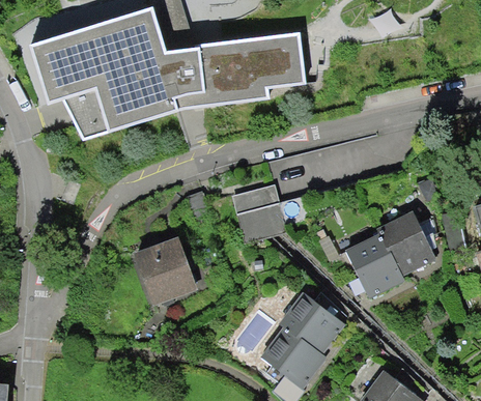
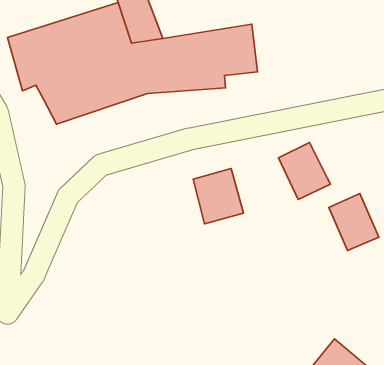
building: [346,235,403,297] -> [278,142,330,199]
building: [140,238,199,305] -> none
building: [262,294,343,394] -> none

